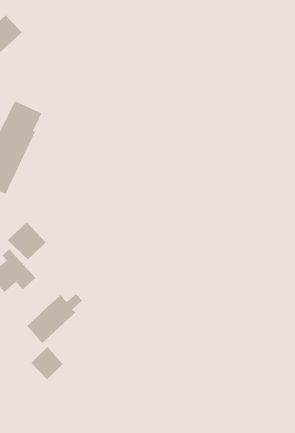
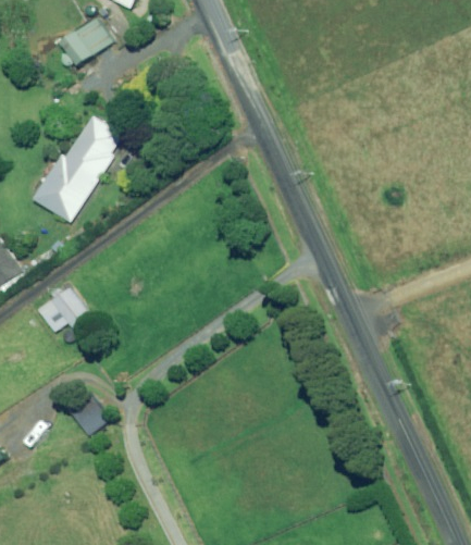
building: [7,221,46,260] -> none
building: [27,293,83,344] -> none

